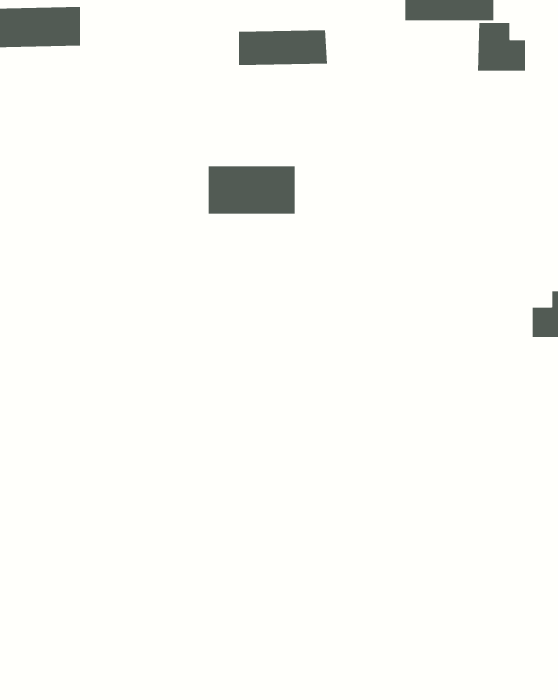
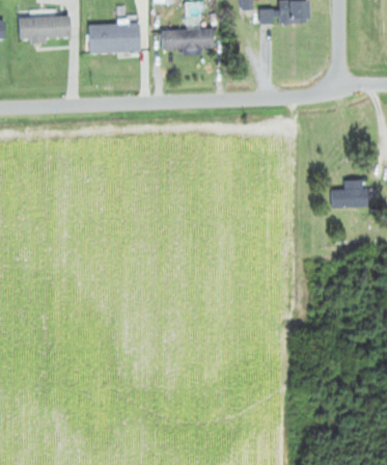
building: [477,22,525,72] -> none
building: [208,166,296,214] -> [89,24,140,52]

